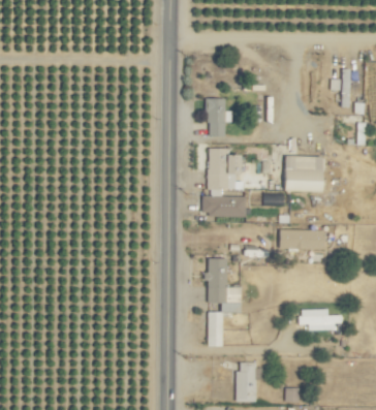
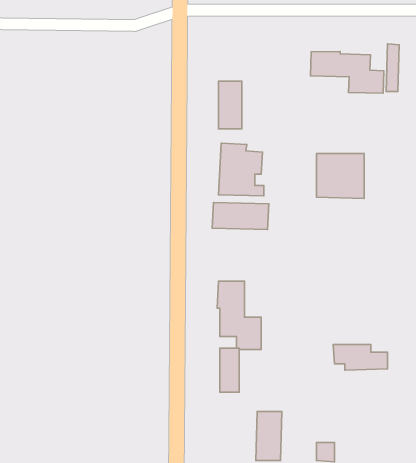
building: none -> [310,52,384,93]
building: [280,229,325,250] -> none

